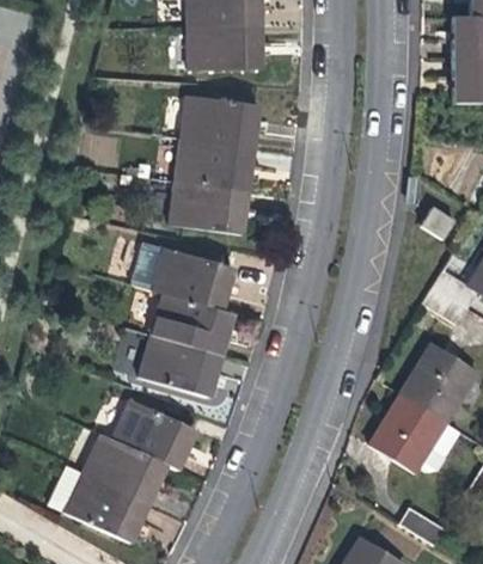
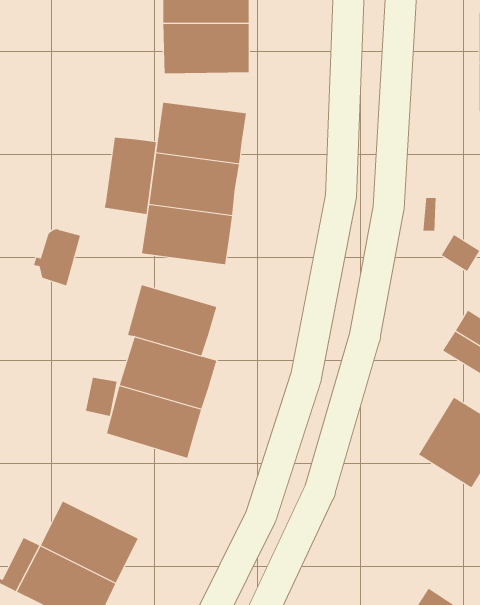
building: none -> [104,137,157,215]
building: [128,243,169,292] -> [33,229,81,286]
building: [372,393,450,473] -> none
building: [111,398,195,468] -> none

